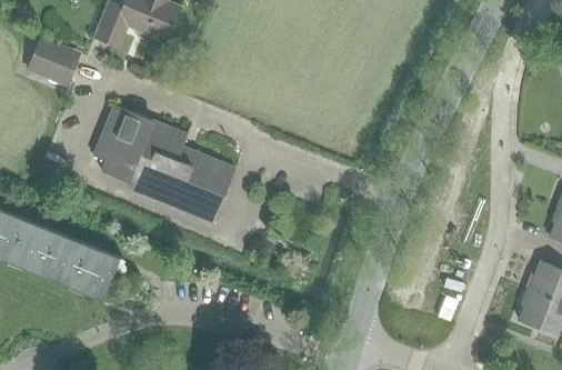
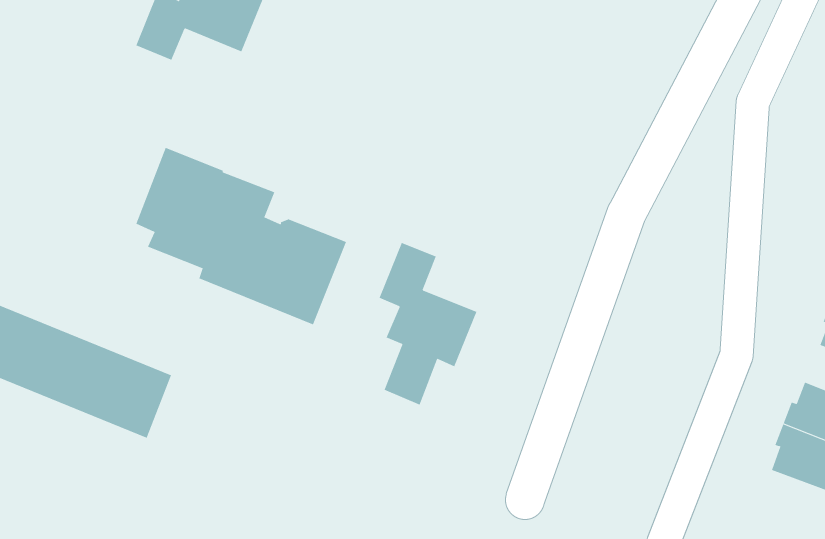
building: [23,37,79,88] -> none
building: none -> [379,242,477,405]

